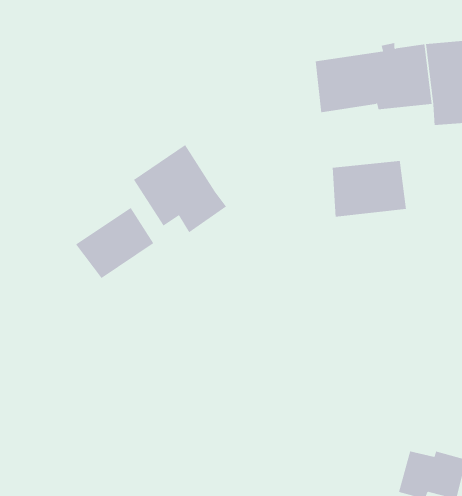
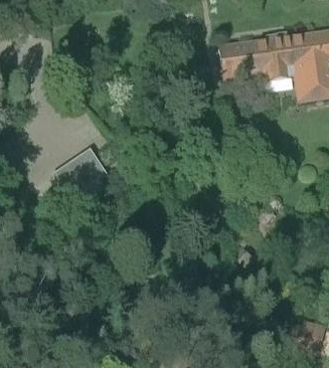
building: [133,144,227,233] -> none
building: [332,160,407,218] -> none

